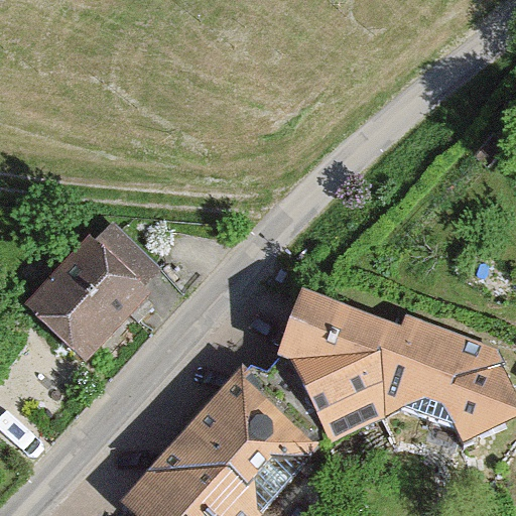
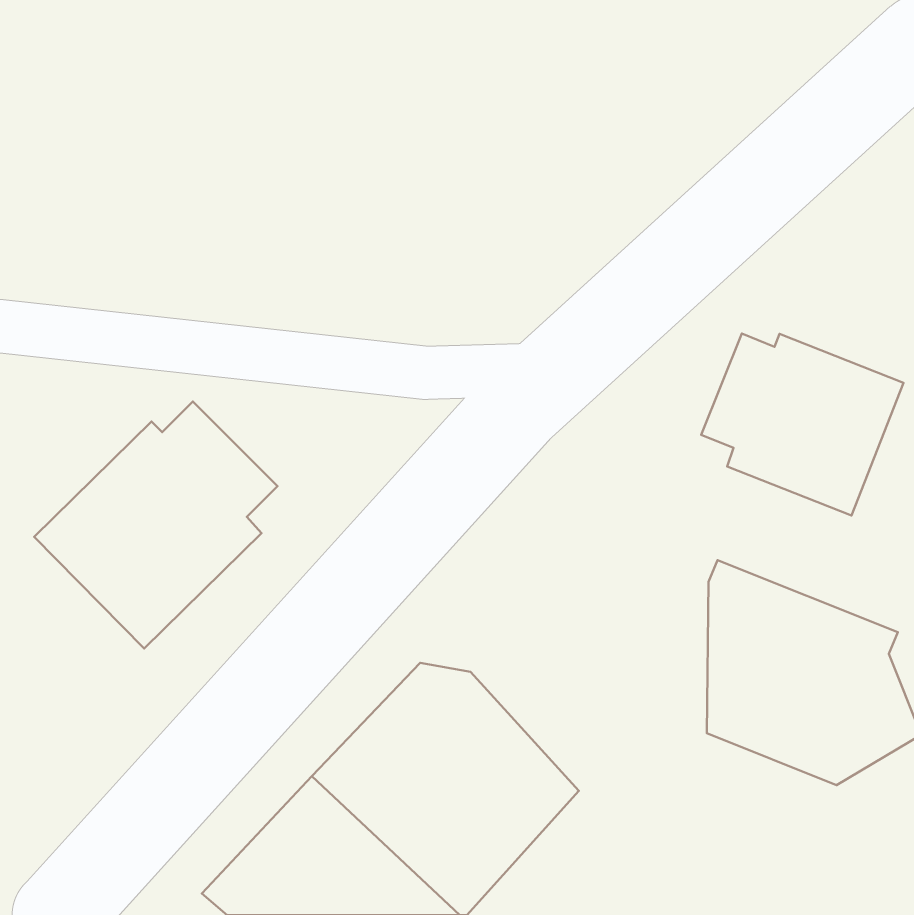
building: none -> [701,334,904,515]
building: [267,286,400,442] -> none

